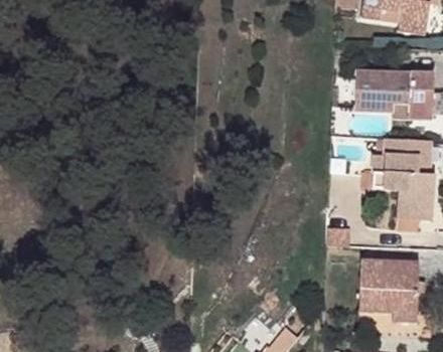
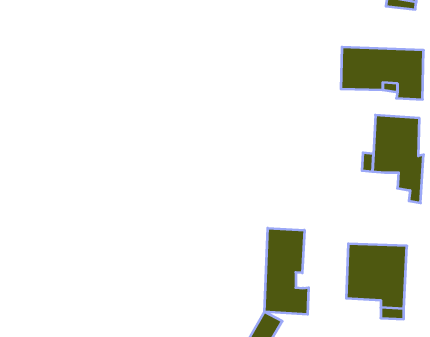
building: [395,191,421,233] -> none
building: none -> [265,228,309,314]

